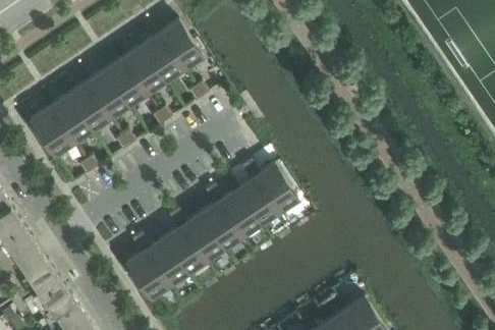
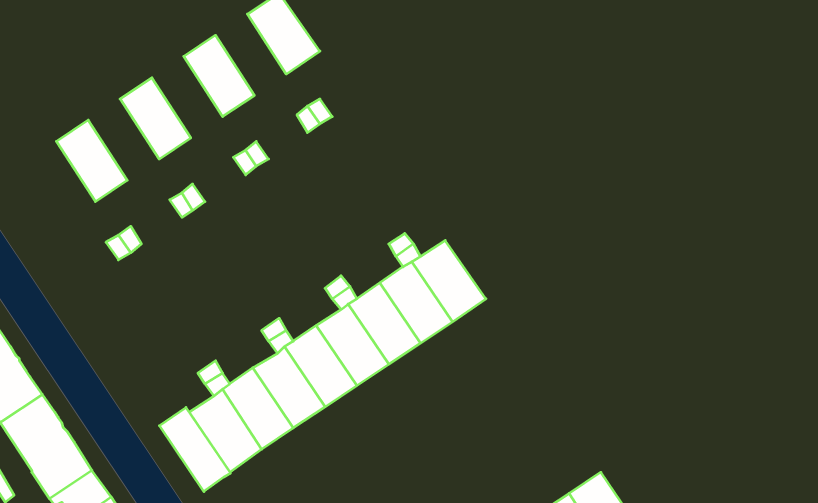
building: [141,35,181,81] -> none
building: [104,59,145,106] -> none
building: [67,84,108,130] -> none
building: [30,108,71,156] -> none
building: none -> [159,407,230,492]

